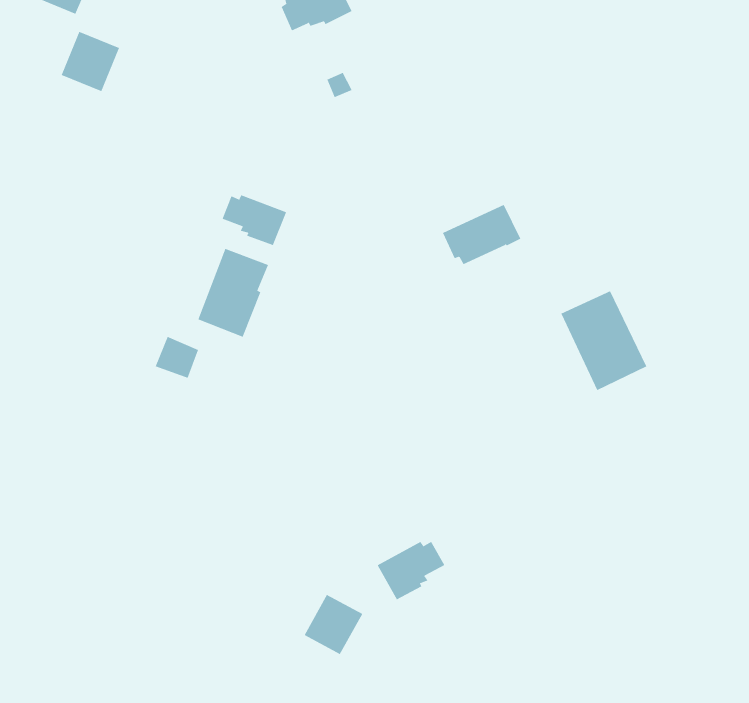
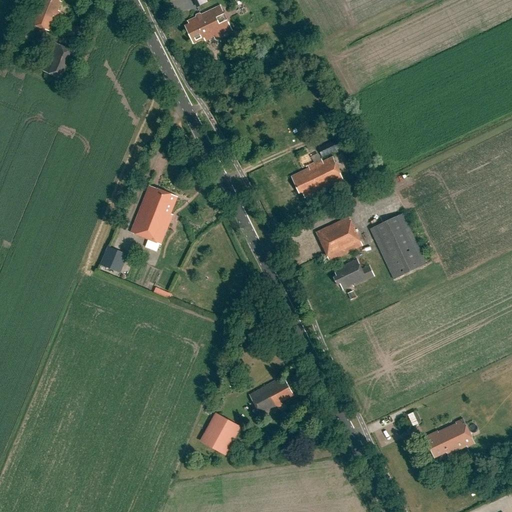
building: [222,194,287,246] -> none
building: none -> [315,216,362,260]
building: none -> [333,258,374,289]
building: none -> [424,418,476,456]

